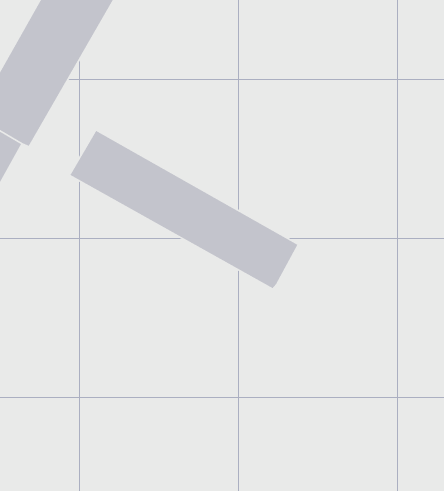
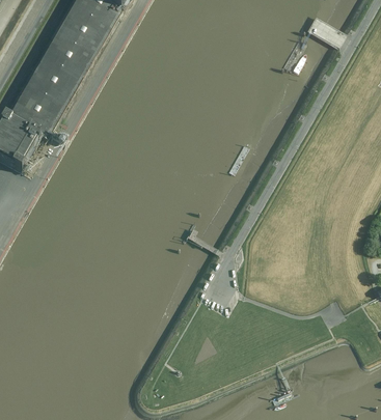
building: [69,130,298,289] -> none

